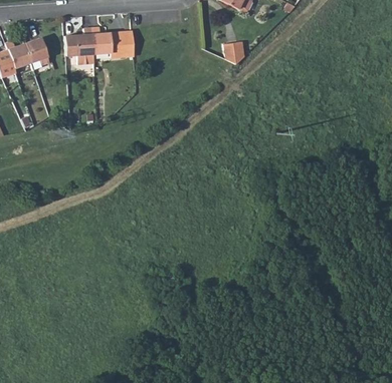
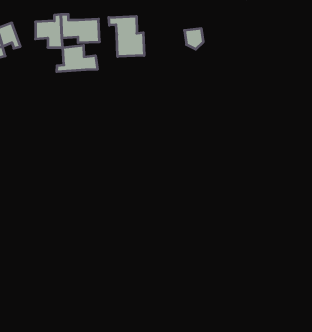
building: none -> [109,16,144,57]
building: none -> [57,45,97,72]

